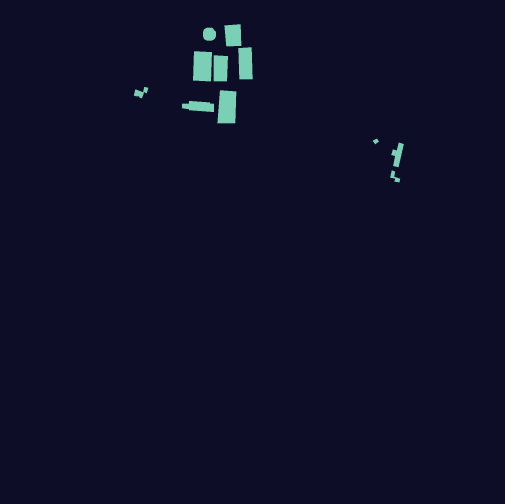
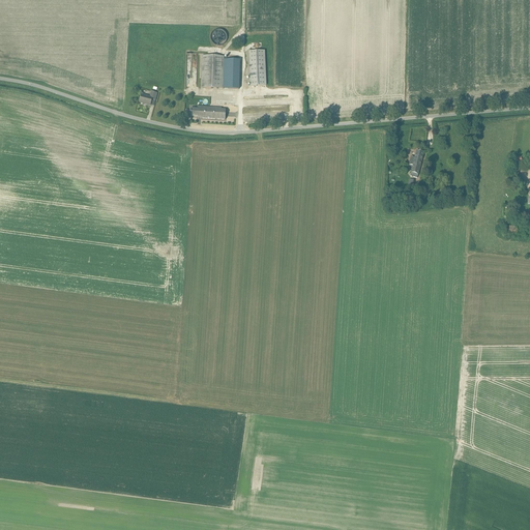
building: [224,24,242,47] -> none
building: [217,90,237,124] -> none

